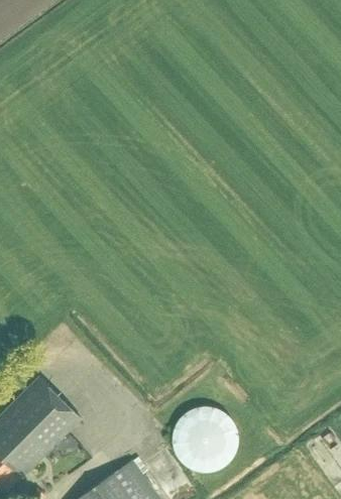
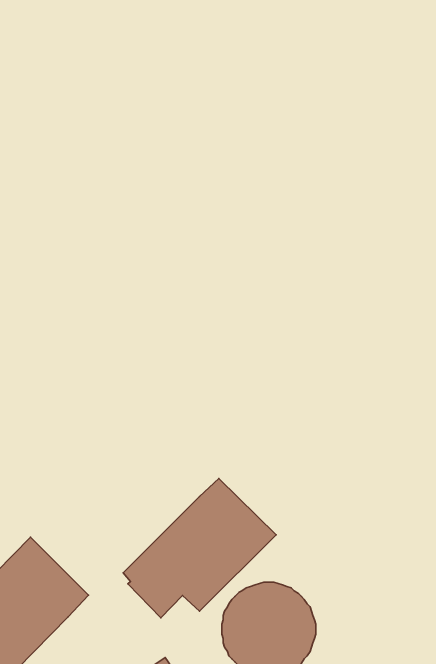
building: none -> [123,478,276,618]

